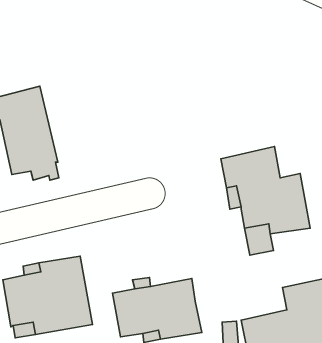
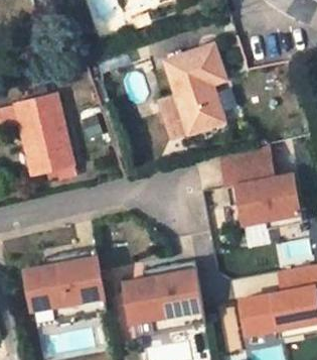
building: none -> [156,42,222,136]

